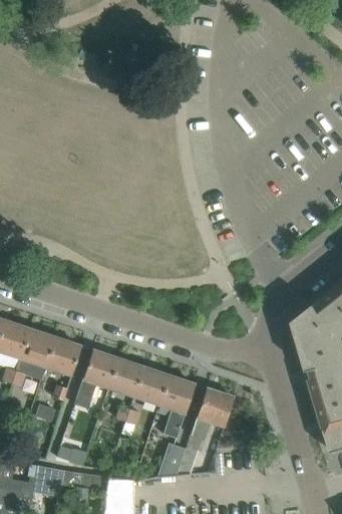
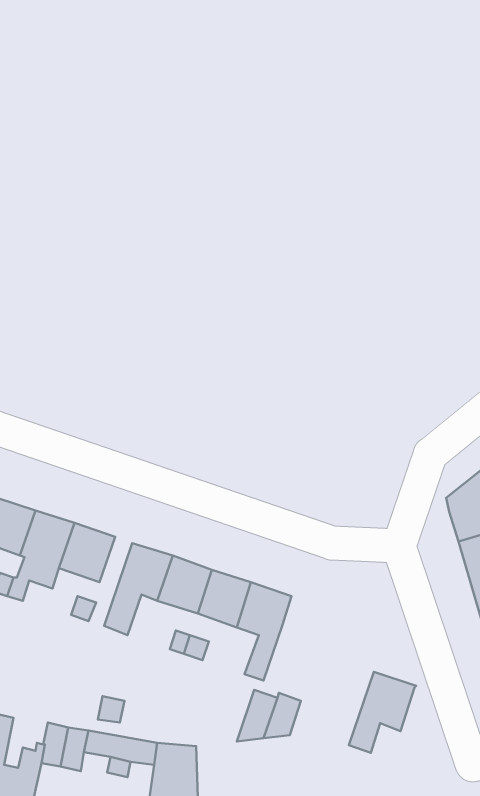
building: [189,388,232,440] -> [349,672,416,753]

